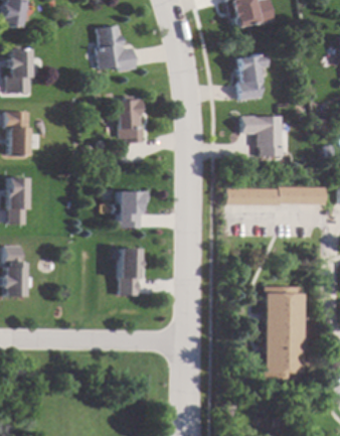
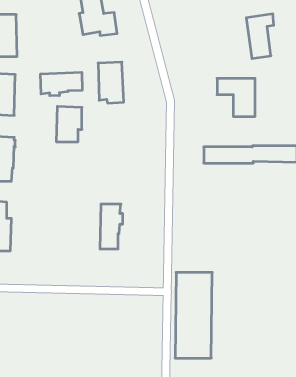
building: [237,53,267,101] -> [246,14,274,59]
building: none -> [41,72,82,96]
building: [117,191,144,229] -> [56,106,82,142]
building: [265,287,304,378] -> [175,272,212,358]

